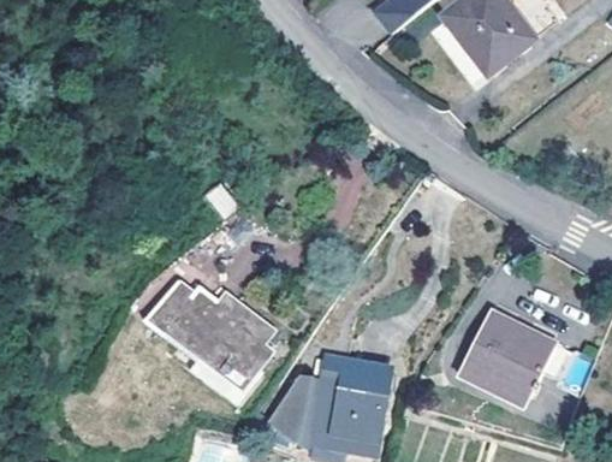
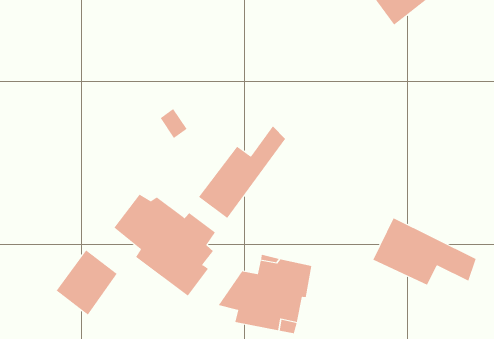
building: none -> [198,126,286,219]
building: none -> [56,250,118,315]

